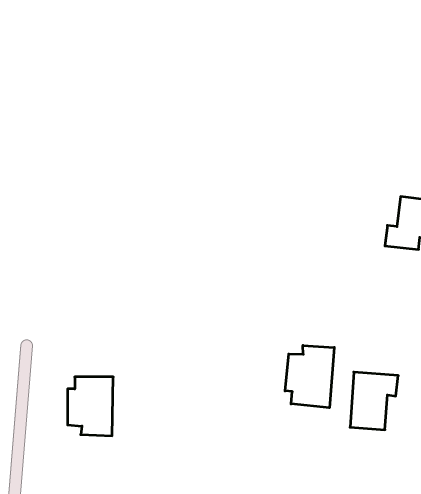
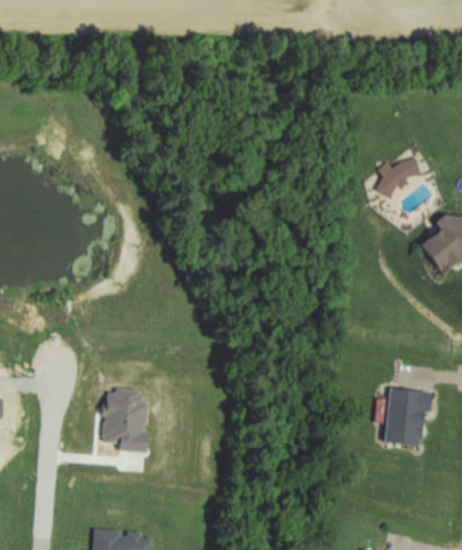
building: none -> [377,155,420,198]
building: [285,345,334,408] -> none

